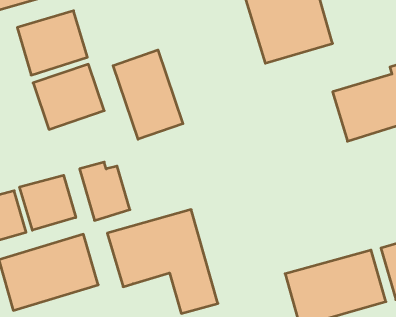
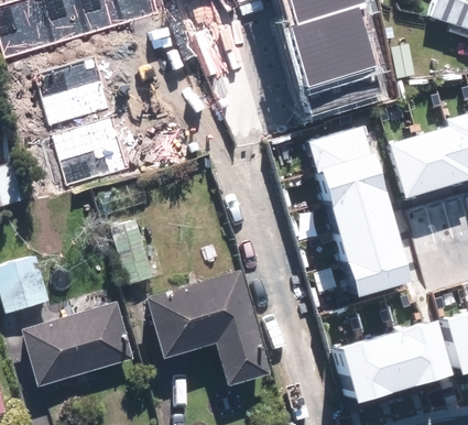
building: [113,50,183,139] -> none
building: none -> [306,124,414,293]
building: [20,175,76,230] -> none

